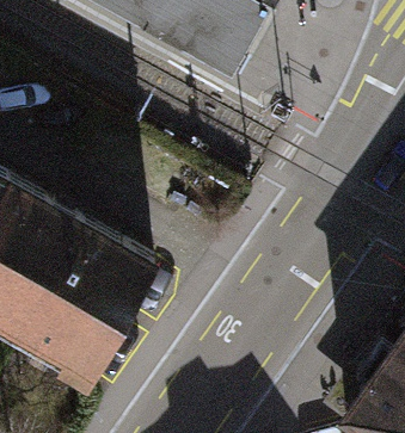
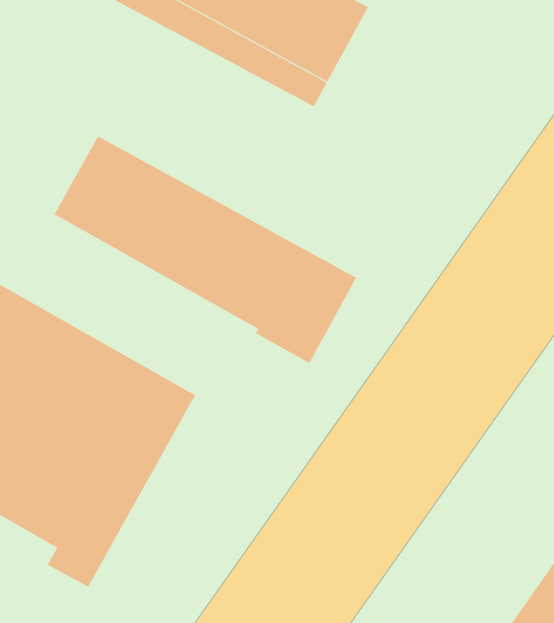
building: none -> [54,135,357,364]

